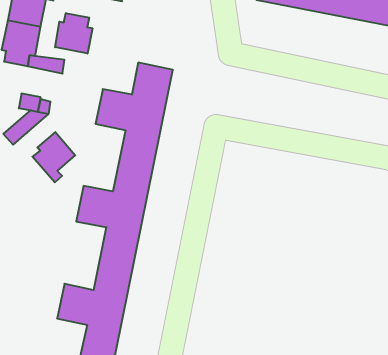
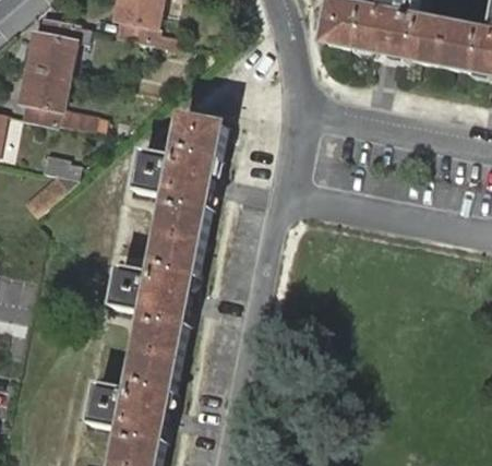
building: [55,13,92,54] -> none
building: [32,132,75,182] -> none

